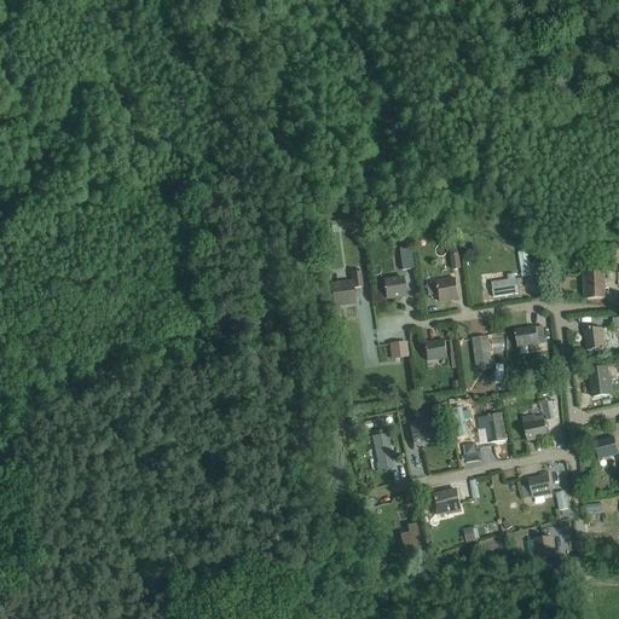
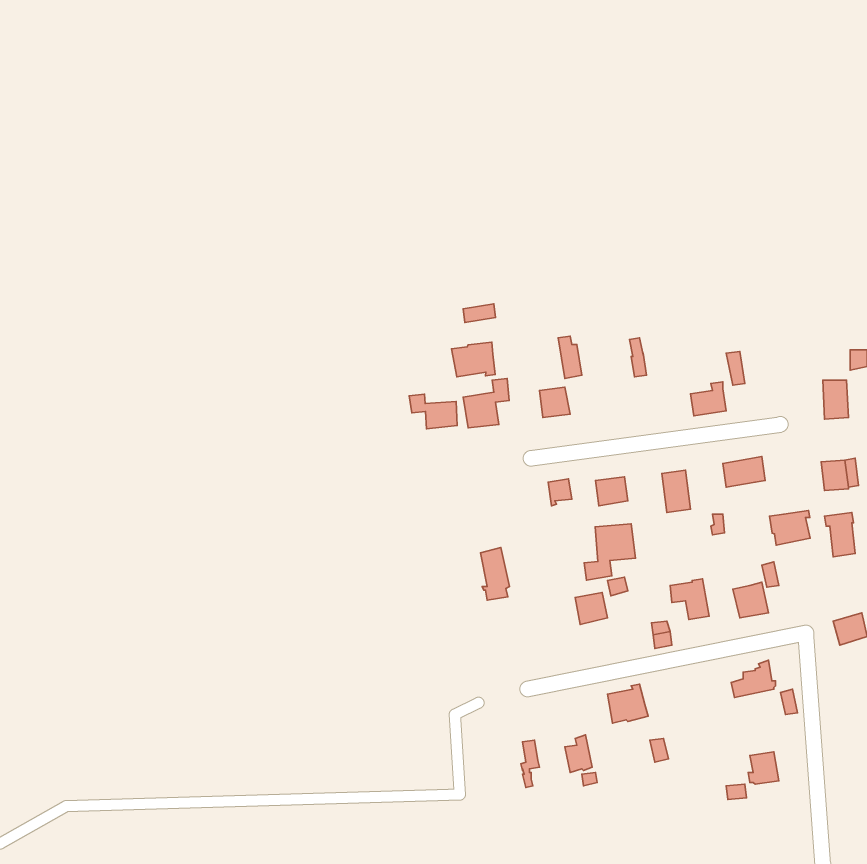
building: none -> [451,342,495,377]
building: [426,277,458,300] -> none
building: none -> [409,394,457,429]
building: none -> [769,510,810,545]
building: none -> [584,524,636,580]
building: [372,432,393,469] -> [481,548,509,600]

